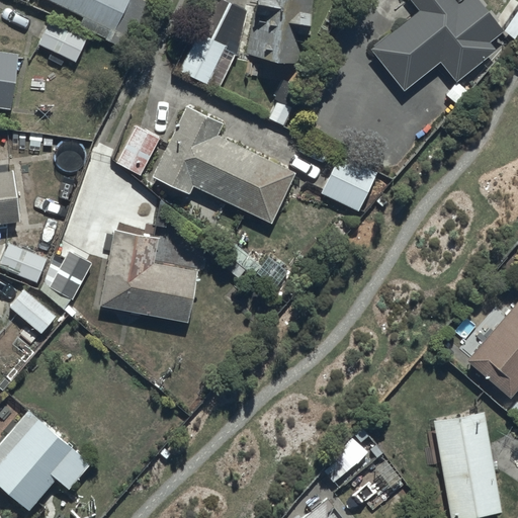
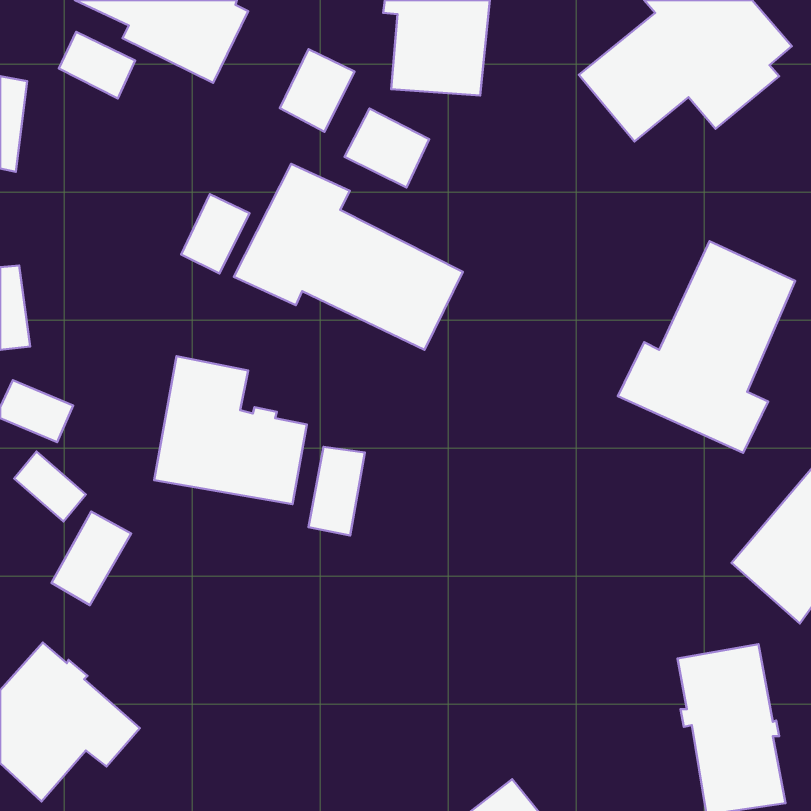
building: none -> [345,108,429,188]
building: [320,153,377,211] -> none
building: none -> [618,241,795,453]
building: [42,249,93,309] -> [52,511,131,605]
building: none -> [308,447,365,536]

